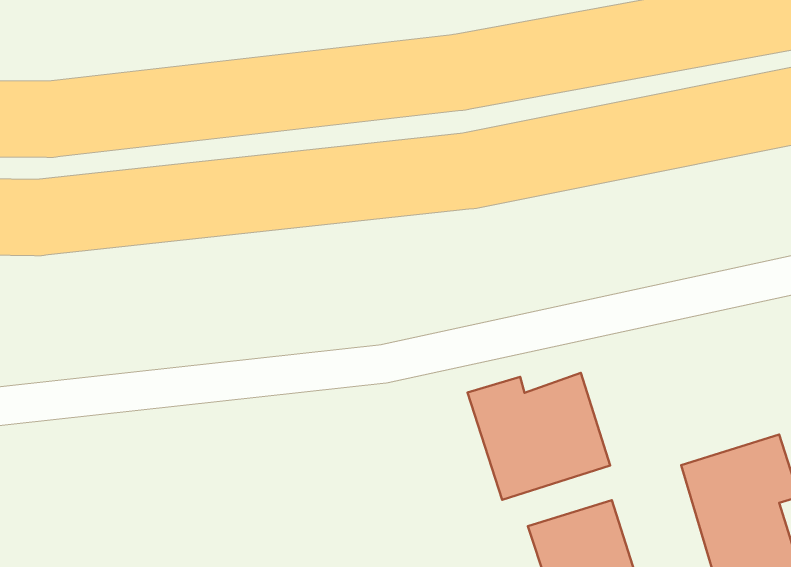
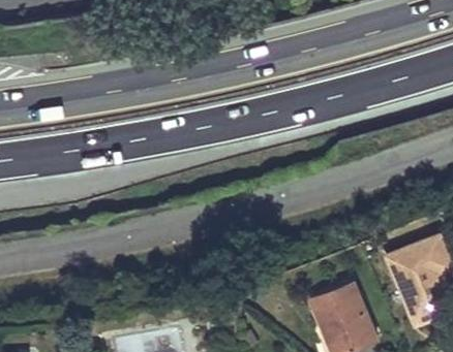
building: [467,373,610,500] -> none

